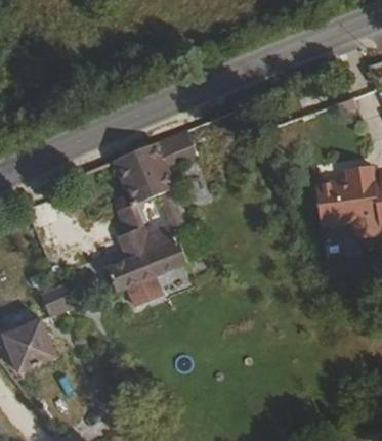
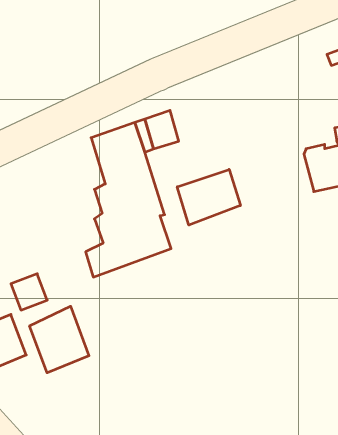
building: none -> [177,169,240,225]
building: none -> [30,306,89,373]

